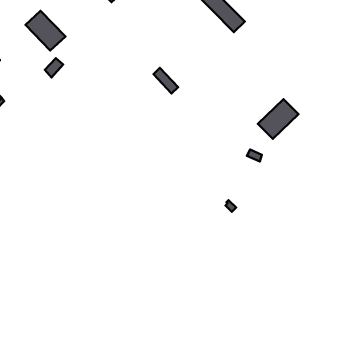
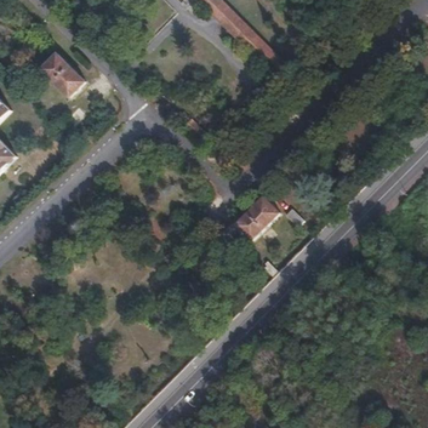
building: [258,99,299,139] -> [234,196,280,241]

